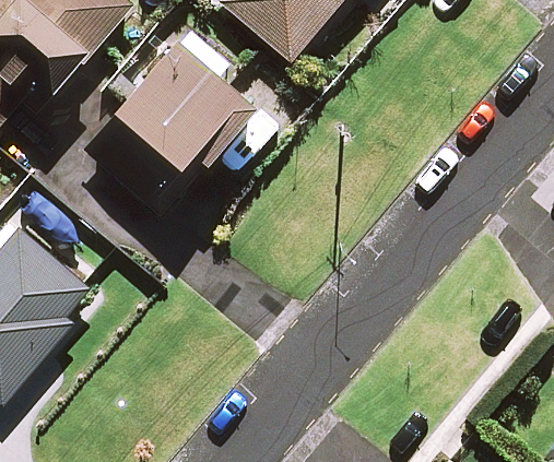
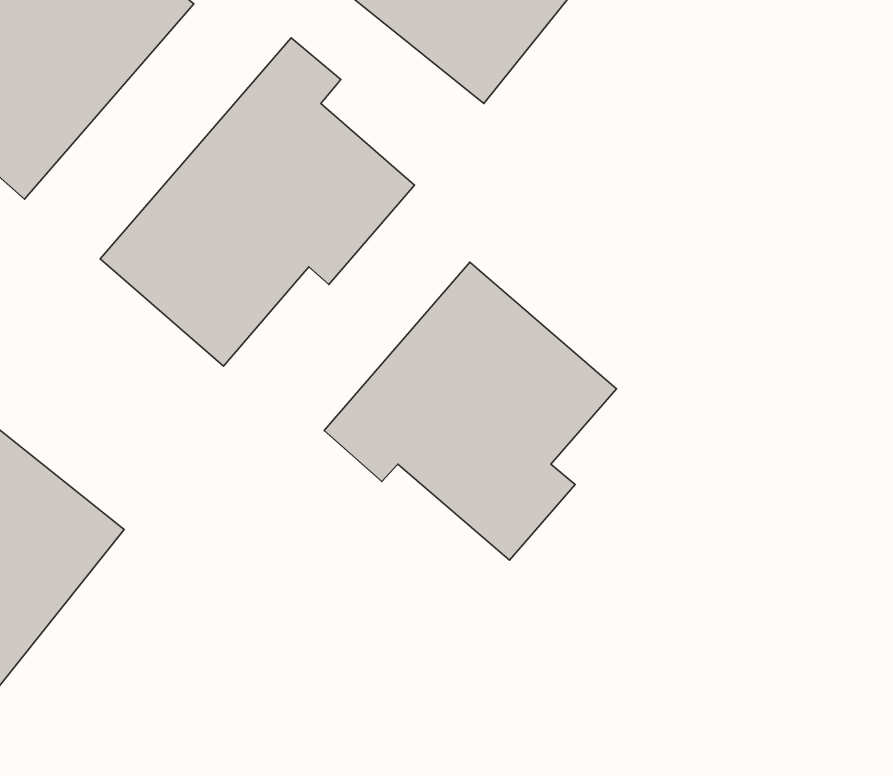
building: none -> [324,262,617,560]

